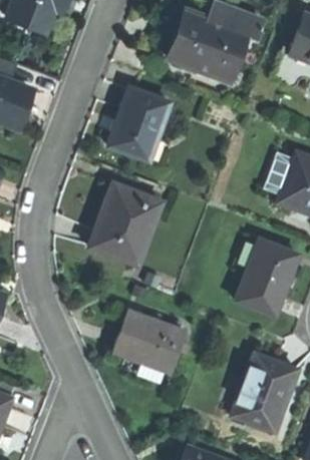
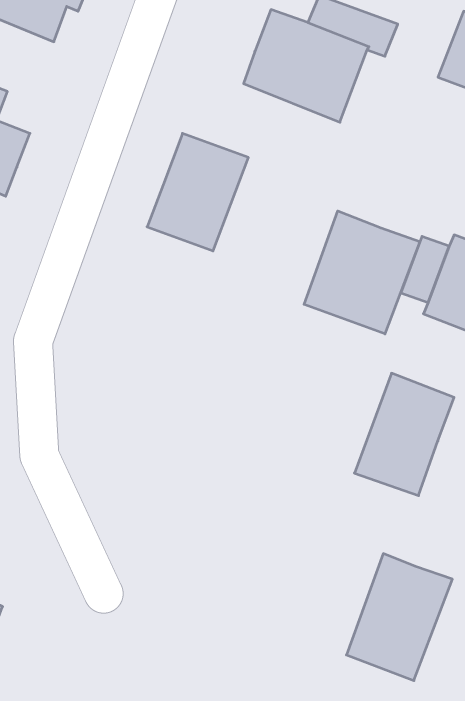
building: none -> [304,211,420,334]
building: [89,191,159,265] -> none
building: [112,313,185,374] -> none

